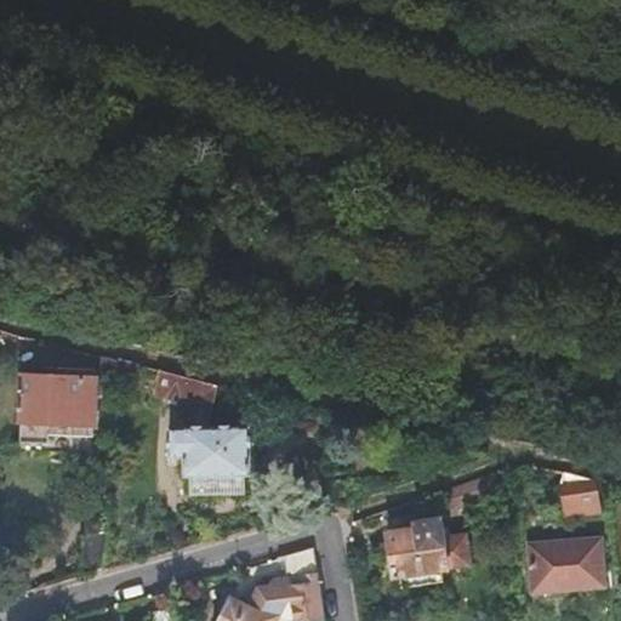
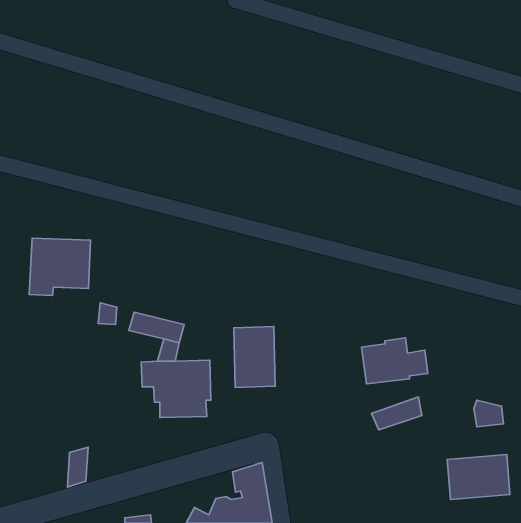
building: [21,375,93,443] -> [29,238,90,296]
building: none -> [234,326,275,387]
building: [386,520,465,575] -> [361,338,428,384]

